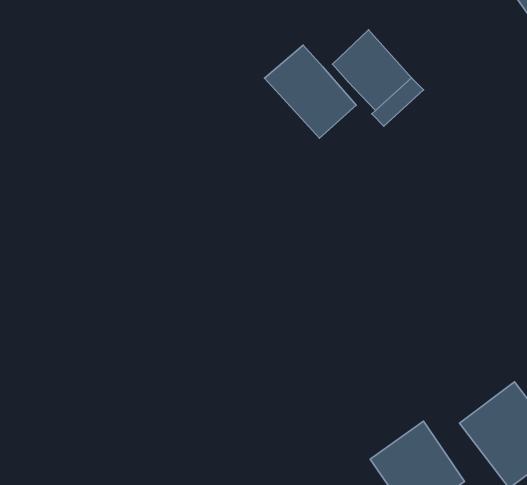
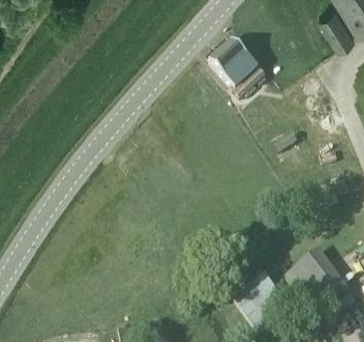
building: [264,45,356,138] -> none

